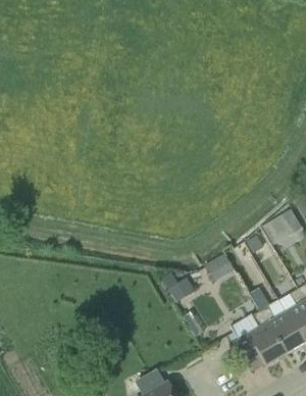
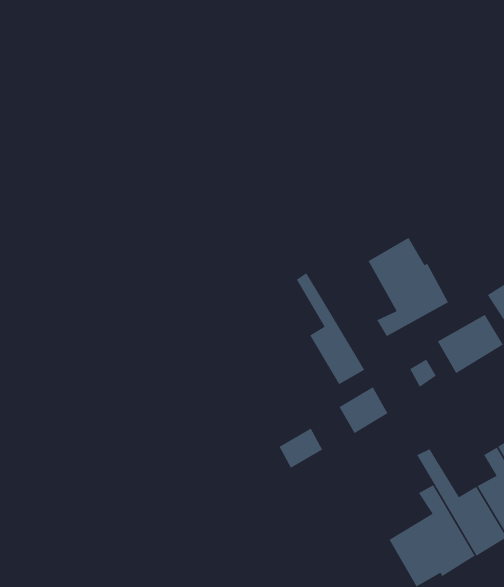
building: none -> [368,237,453,337]
building: none -> [296,272,367,385]

